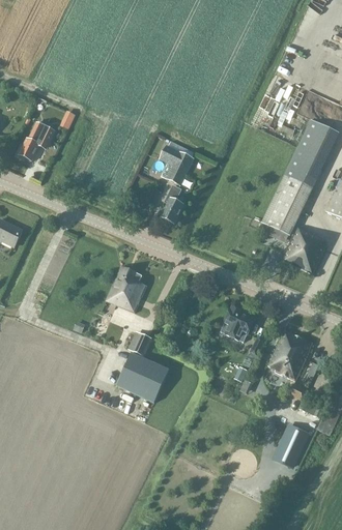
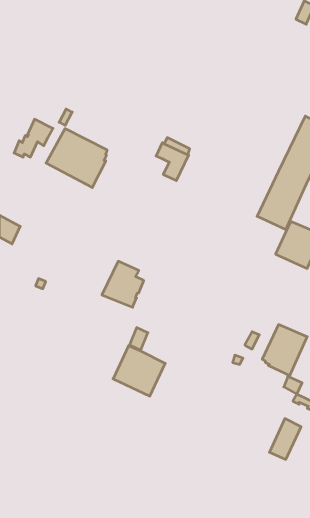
building: none -> [46,129,107,188]
building: [162,185,183,224] -> none
building: [221,306,254,342] -> none

